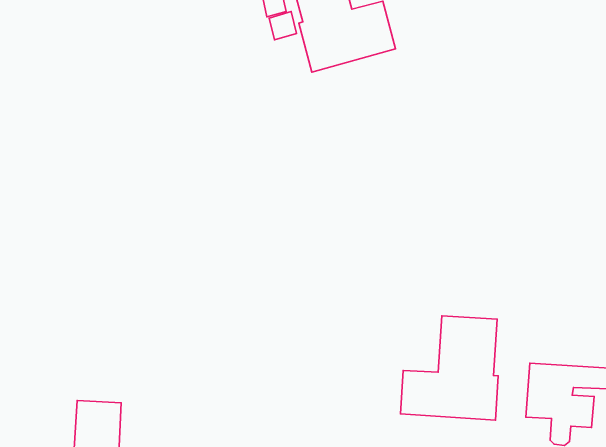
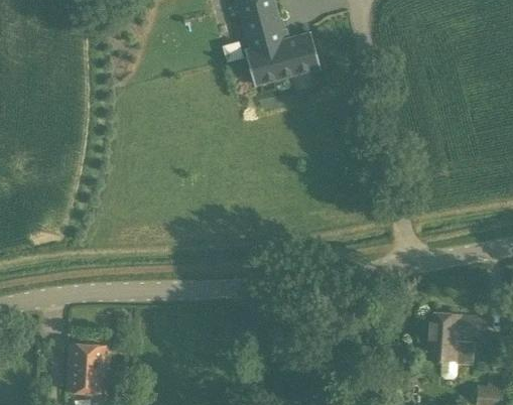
building: [401,316,498,420] -> none

